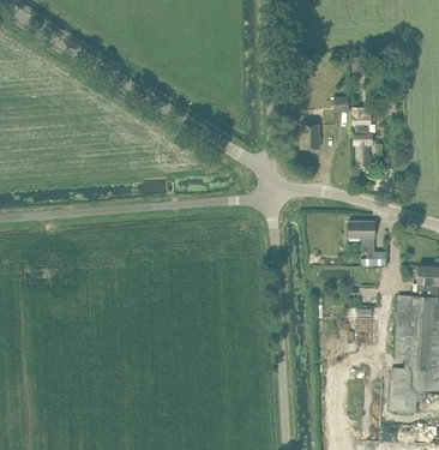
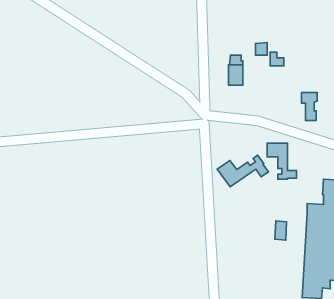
building: [353,132,372,167] -> [302,92,317,121]
building: none -> [217,155,269,187]

